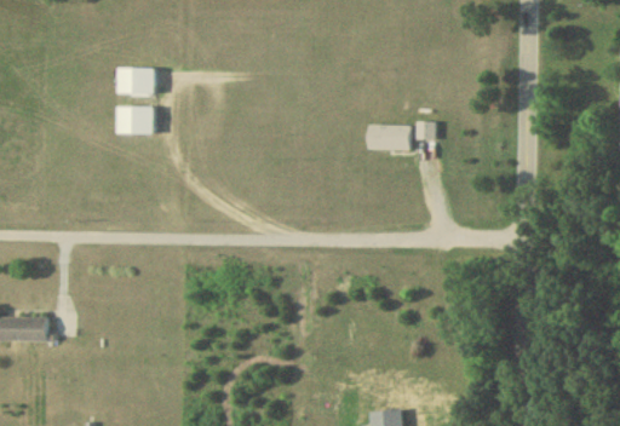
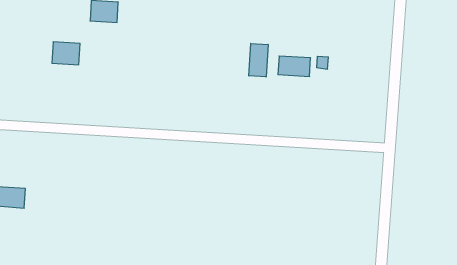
building: [117,106,153,134] -> [52,42,80,65]
building: none -> [249,43,268,77]

